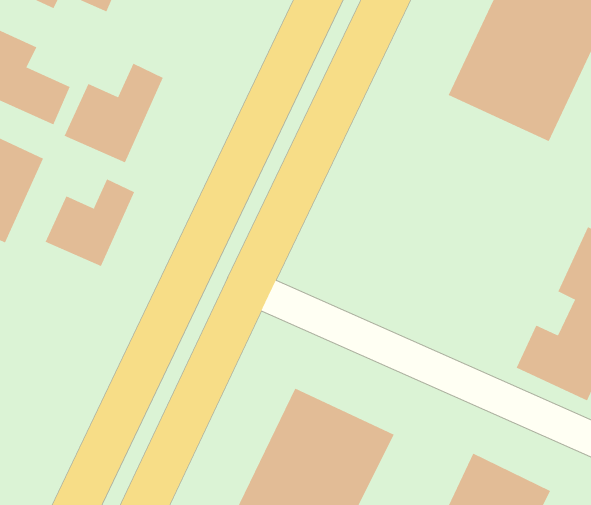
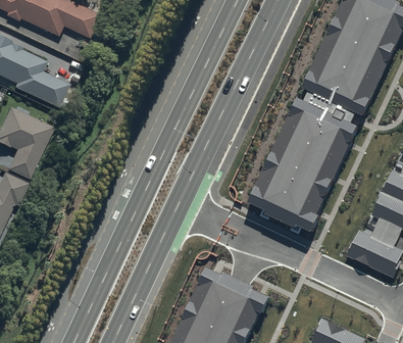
building: [64,63,164,163] -> none
building: none -> [246,96,362,235]
building: [45,179,135,267] -> none

